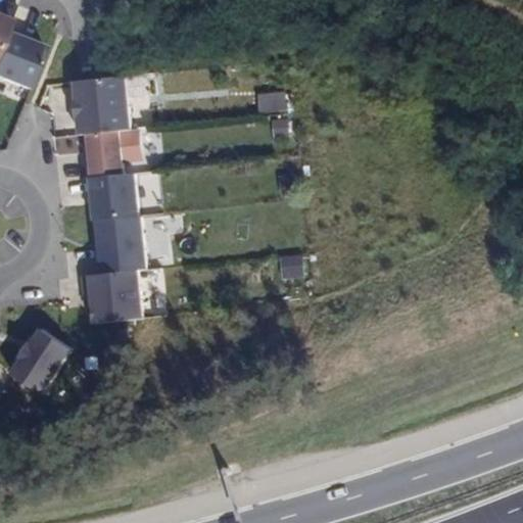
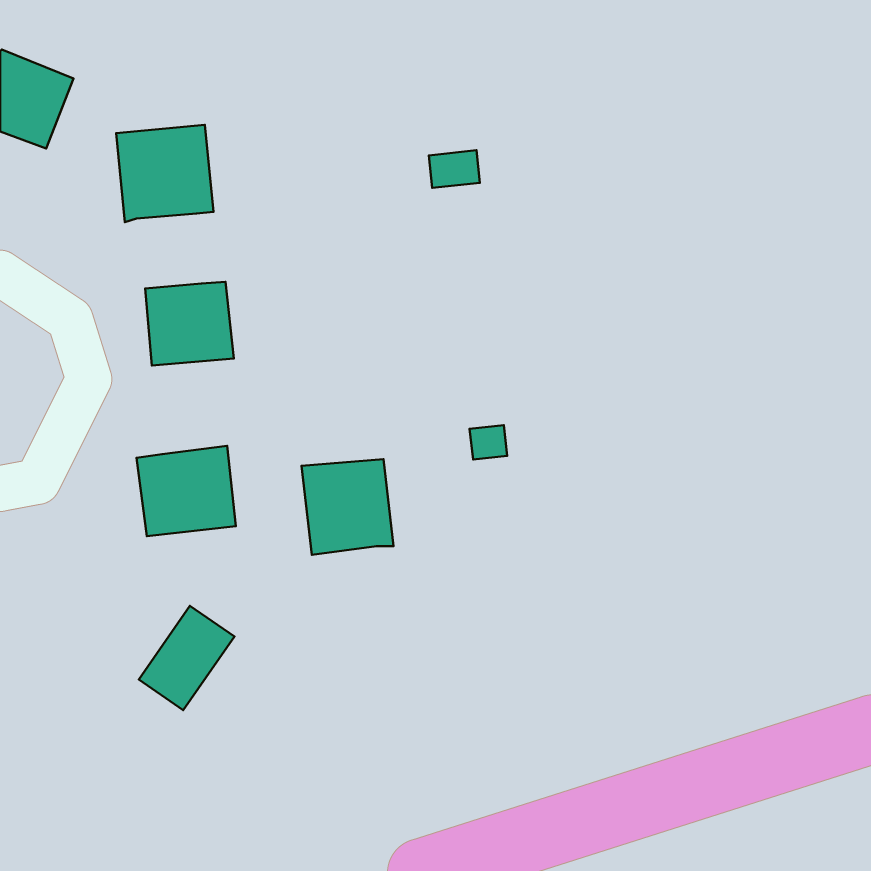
building: [83,129,122,174] -> none
building: [92,216,147,273] -> [301,459,394,555]
building: [6,328,63,390] -> [139,606,234,710]

